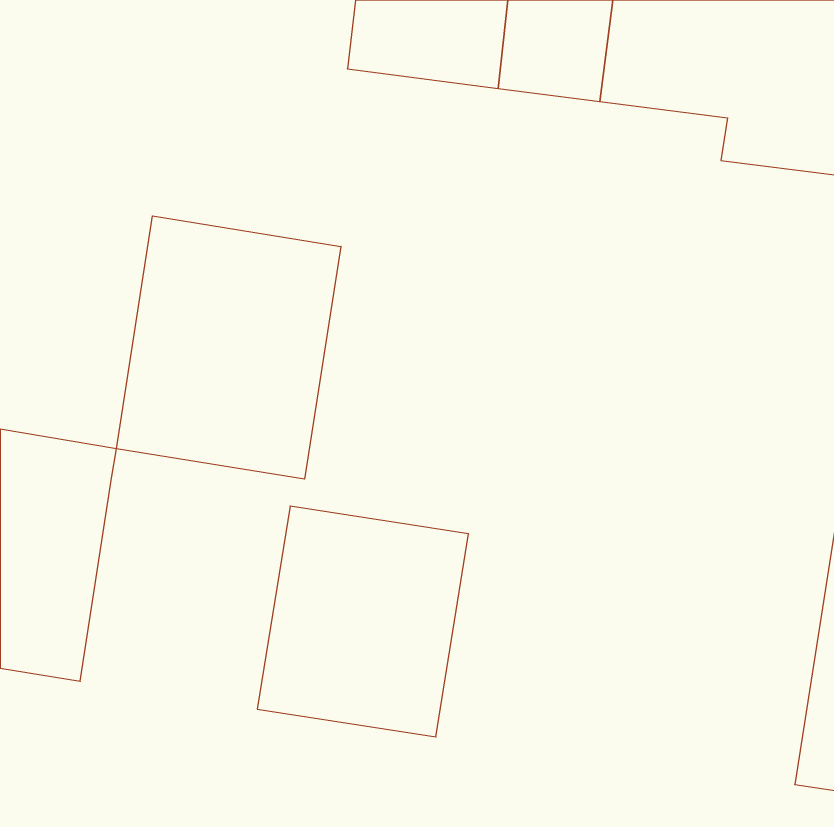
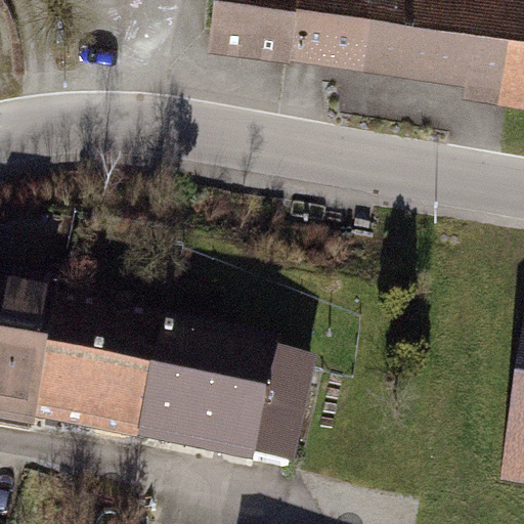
building: [116,216,341,479] -> none
building: none -> [52,305,183,449]

